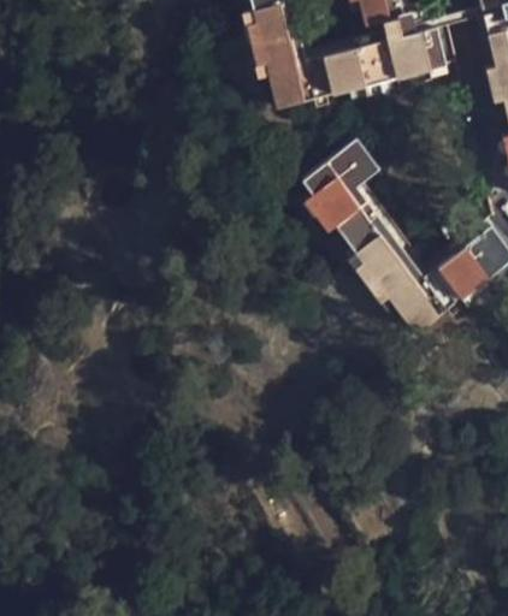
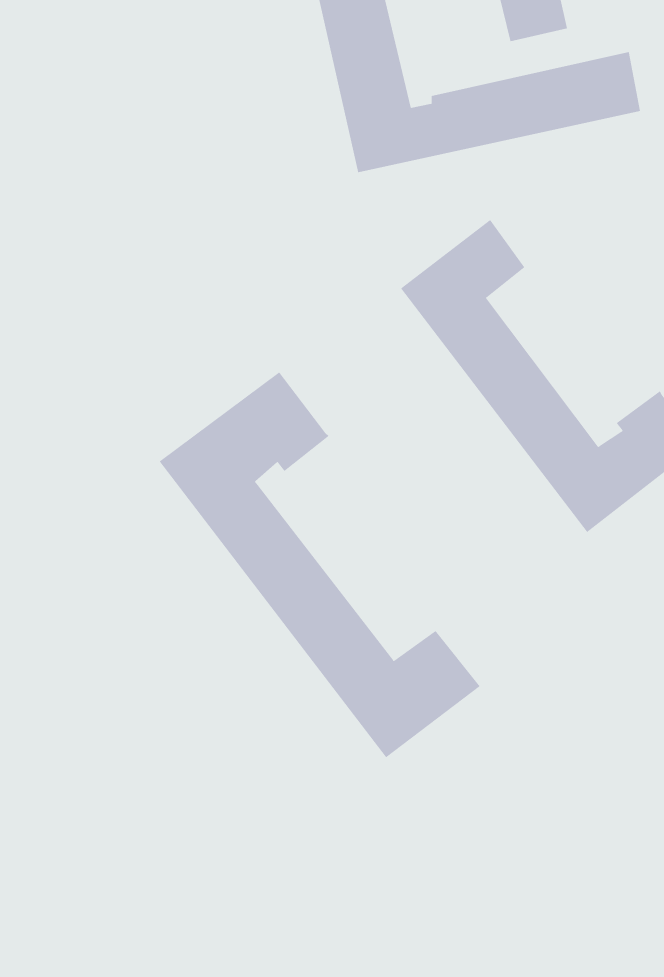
building: none -> [159,372,481,758]

